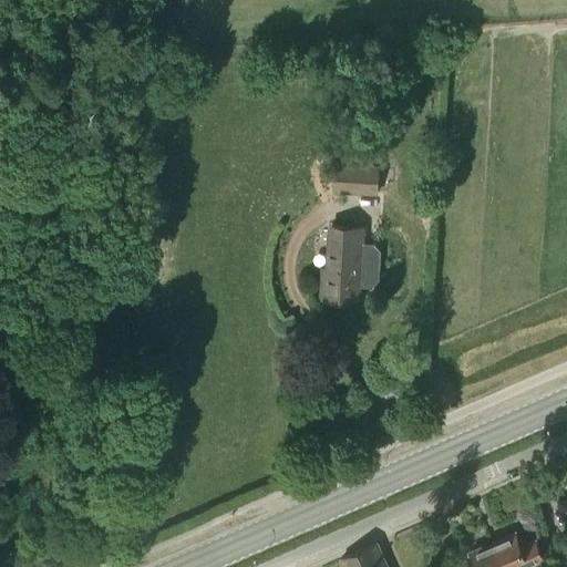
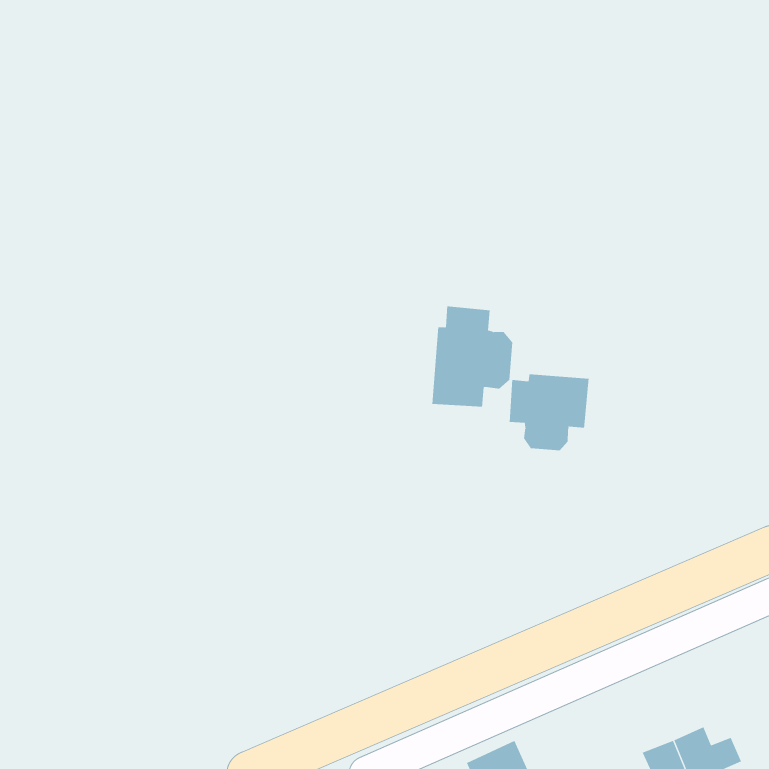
building: [331,164,379,197] -> none
building: none -> [509,373,589,451]

